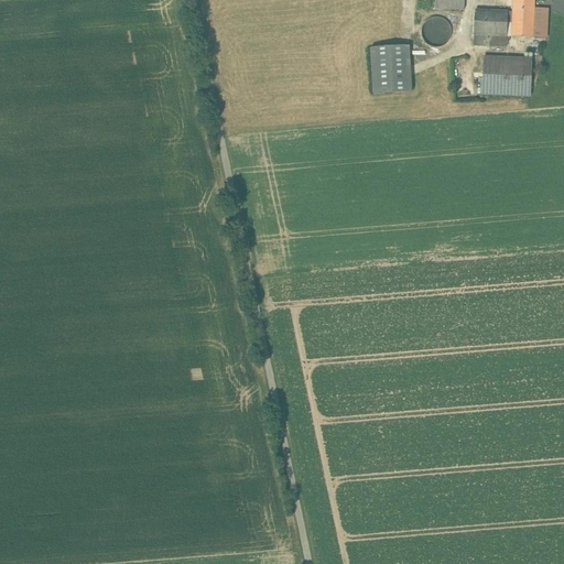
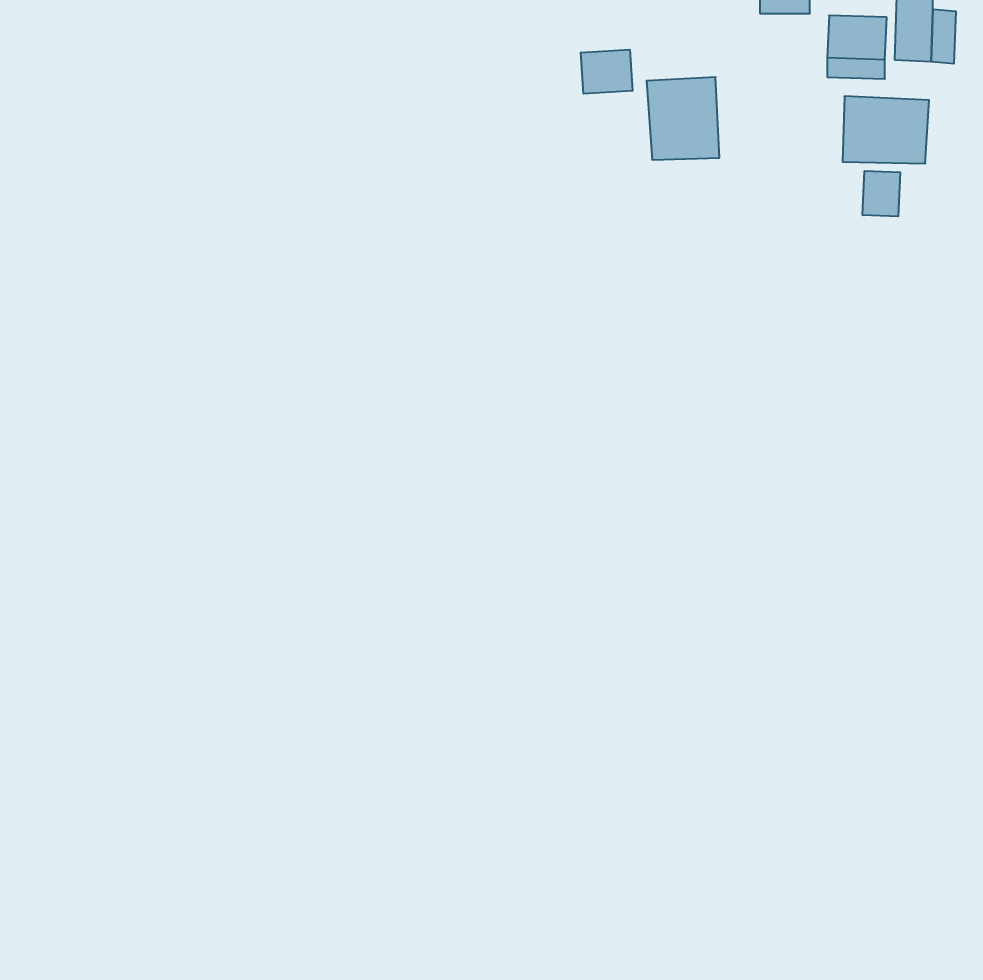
building: [422,15,452,45] -> none
building: none -> [581,50,632,94]
building: none -> [863,171,900,216]

